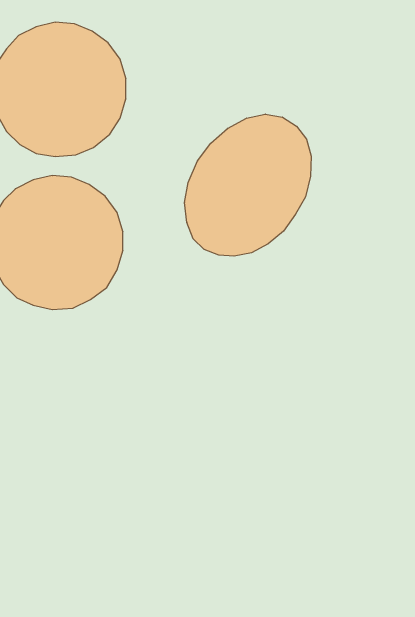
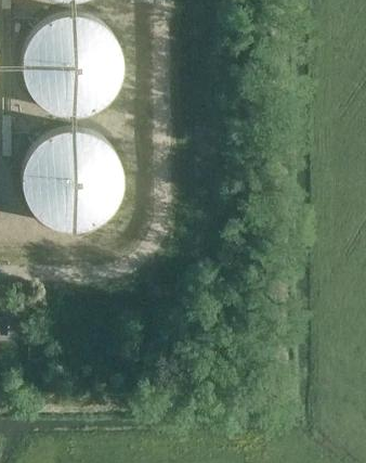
building: [185,114,311,256] -> none

